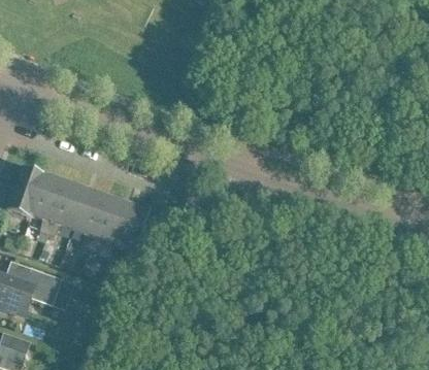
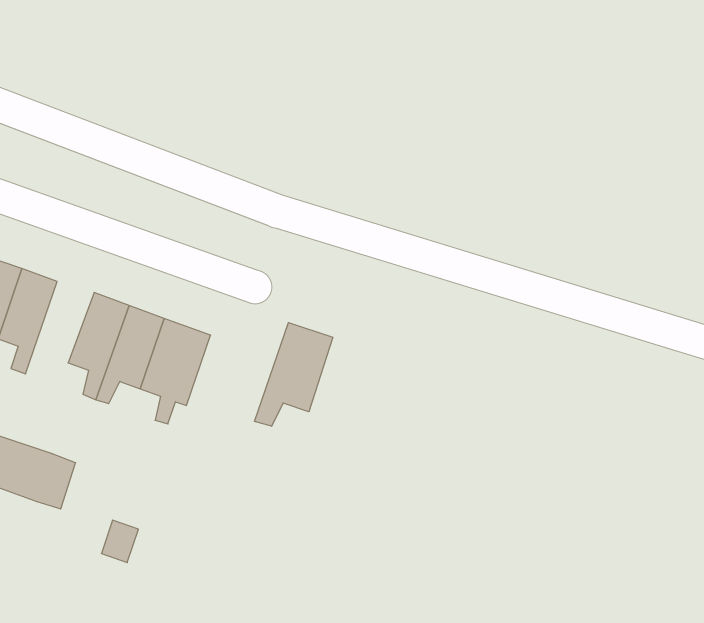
building: [44,179,82,234] -> none
building: none -> [255,323,333,426]

